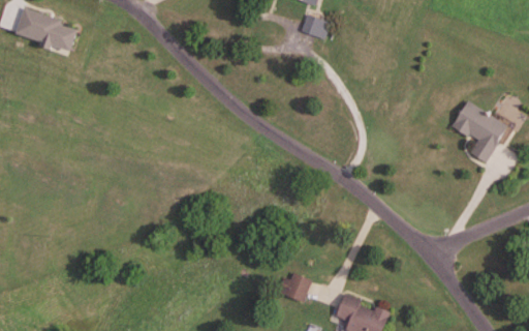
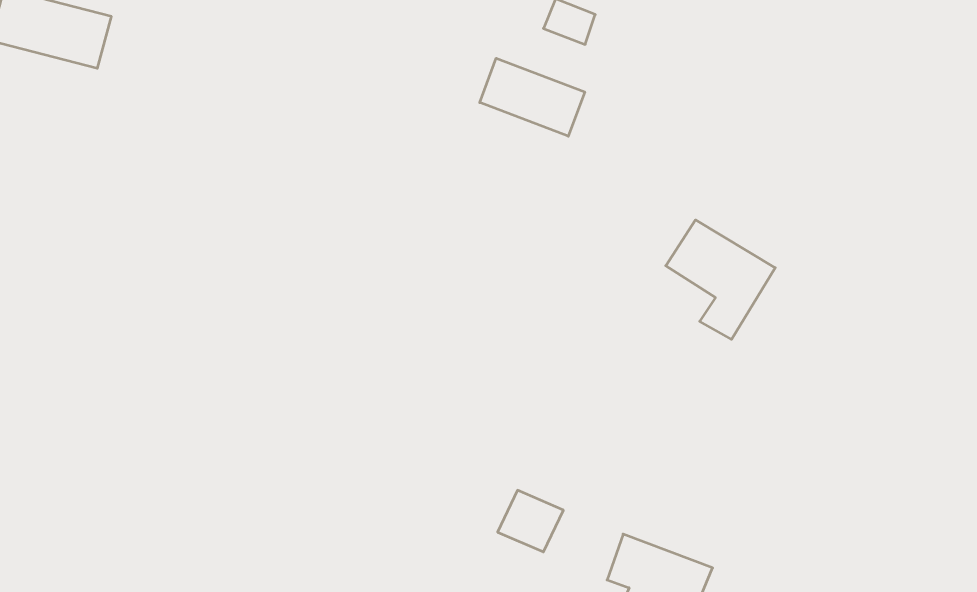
building: none -> [480,58,585,136]
building: [452,101,508,163] -> [666,220,775,339]

